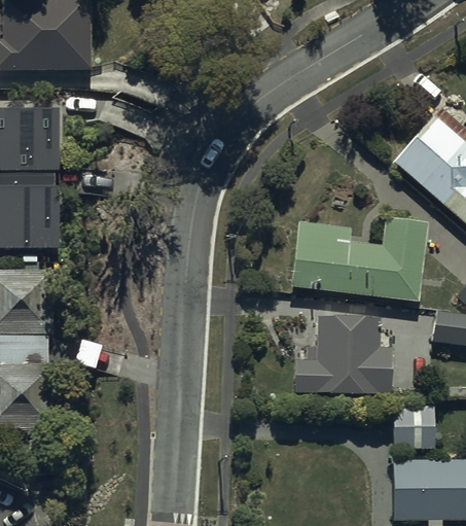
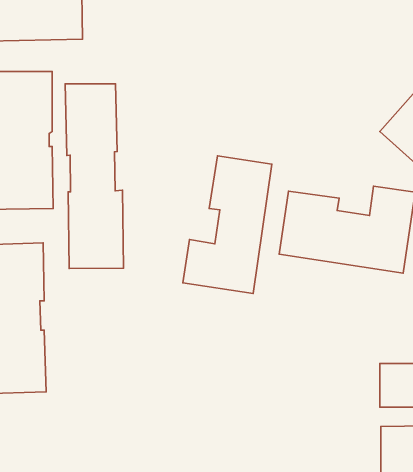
building: none -> [65,84,124,268]
building: none -> [183,156,272,293]
building: [290,320,391,394] -> none

